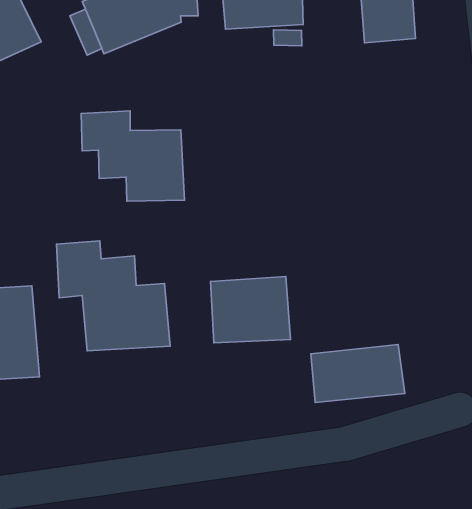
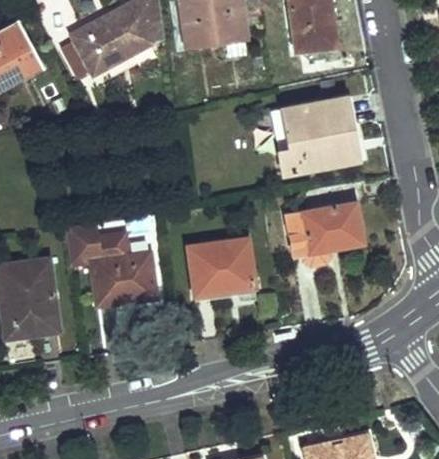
building: none -> [277,97,356,173]
building: [81,111,184,201] -> none
building: [311,344,405,402] -> [285,202,361,252]

